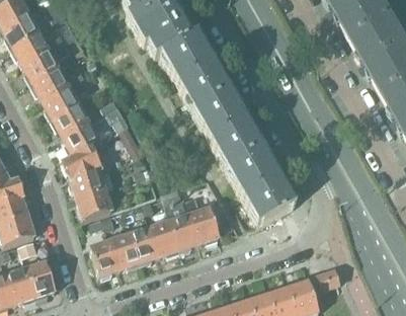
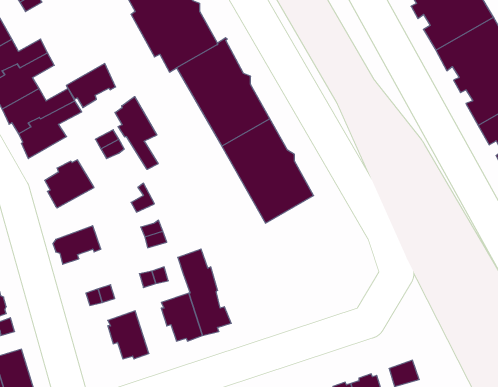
building: none -> [115,97,158,169]
building: [52,103,88,136] -> [66,64,116,108]
building: [62,146,103,179] -> none
building: [227,147,297,225] -> none
building: [77,186,112,218] -> none
building: [186,195,220,241] -> none
building: [131,226,161,263] -> none
building: [90,239,121,275] -> none

